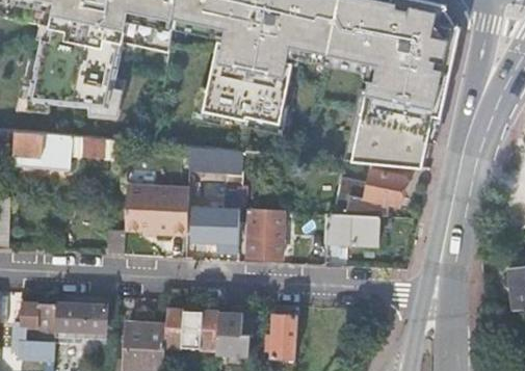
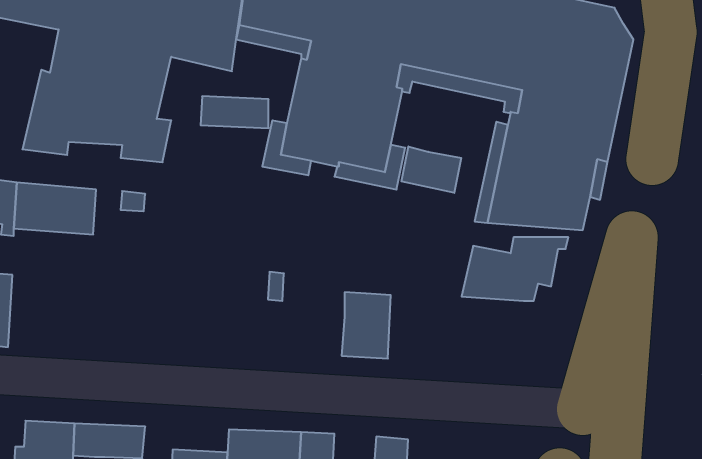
building: none -> [401,146,461,193]
building: [190,144,239,167] -> [201,96,269,128]
building: [124,185,188,235] -> none
building: [191,209,239,254] -> none
building: [324,214,378,245] -> none

